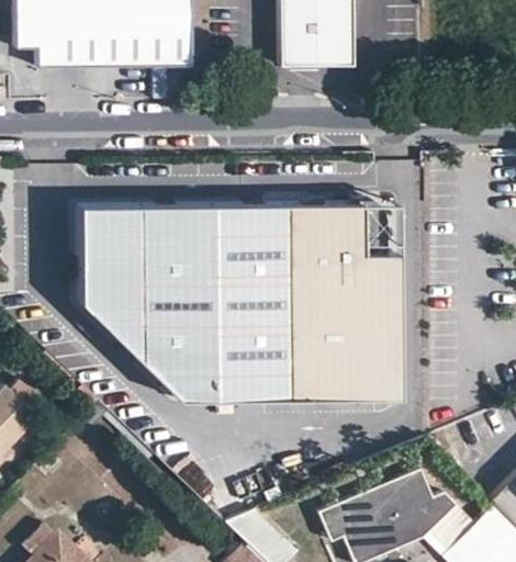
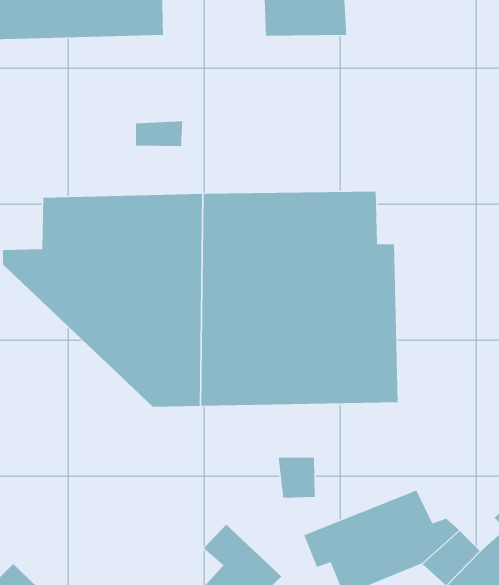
building: none -> [135,121,183,147]
building: none -> [278,457,316,498]

